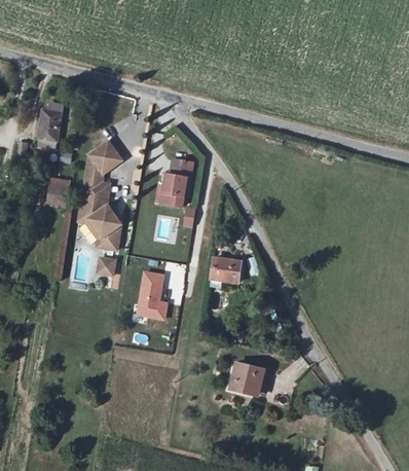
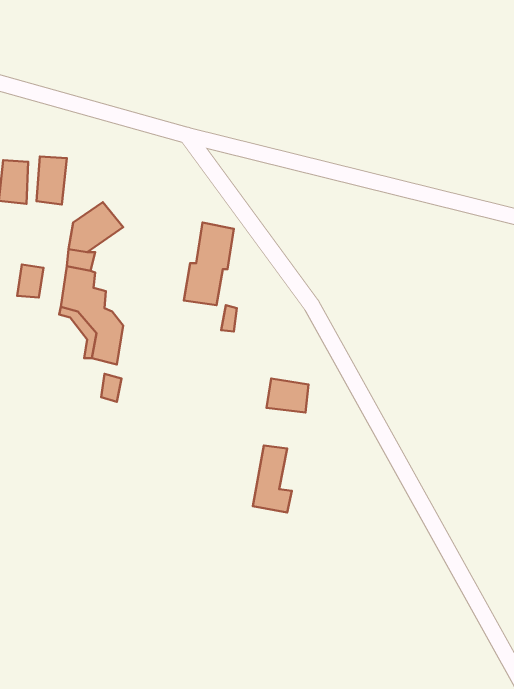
building: none -> [36,156,67,204]
building: [143,273,169,317] -> [253,446,292,513]
building: [235,365,265,391] -> none

